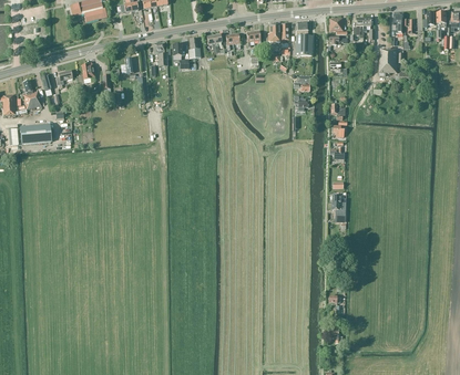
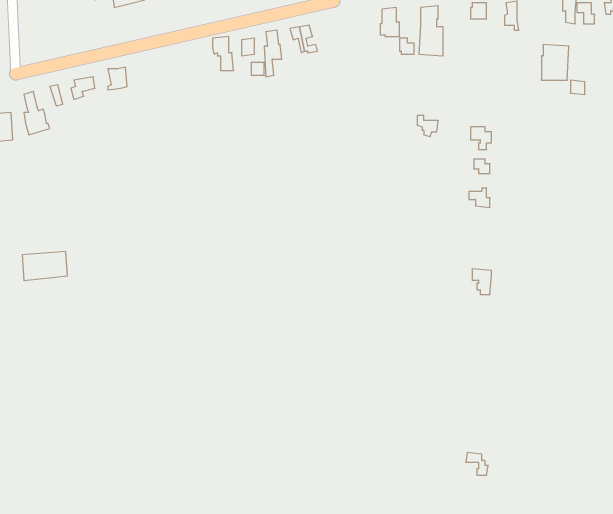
building: [20,124,51,144] -> [22,252,67,281]

